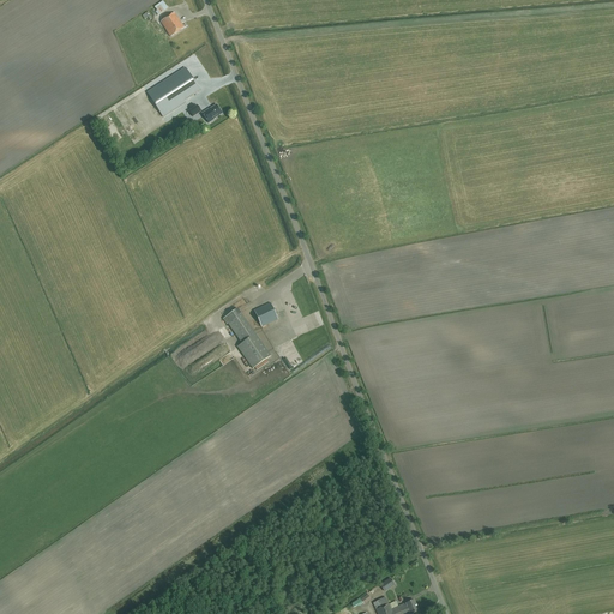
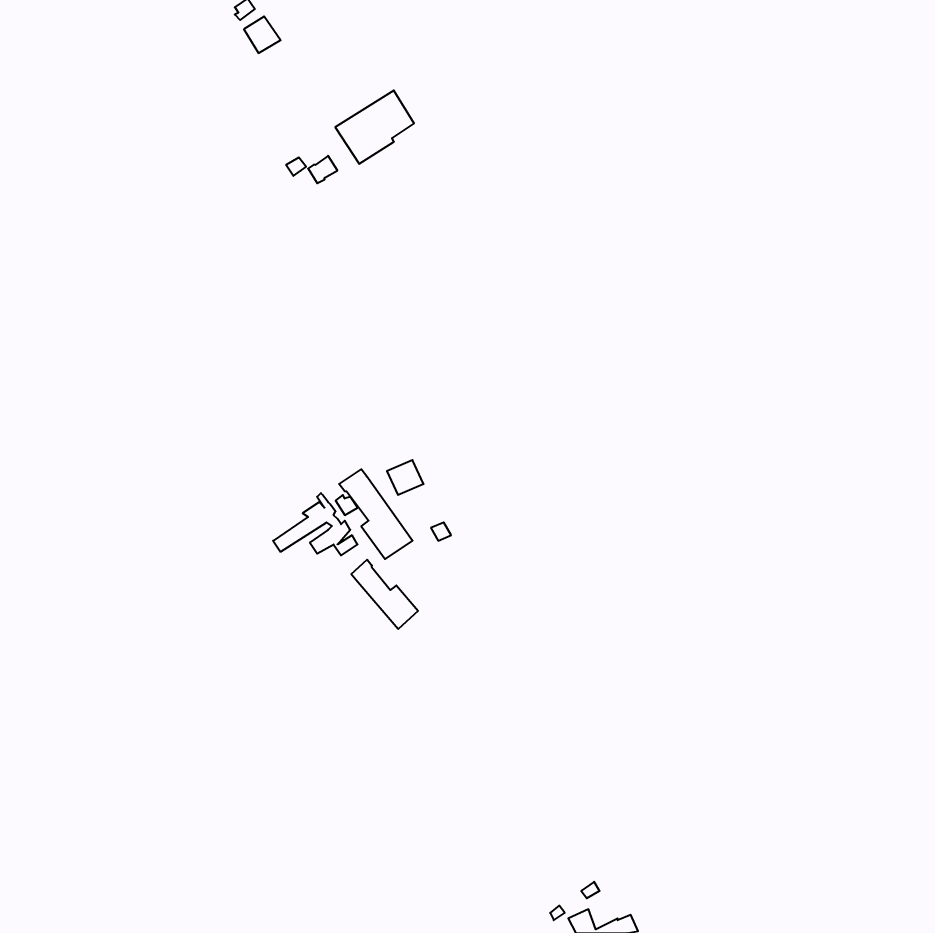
building: [146,66,198,114] -> [335,90,414,164]
building: none -> [351,560,418,629]

